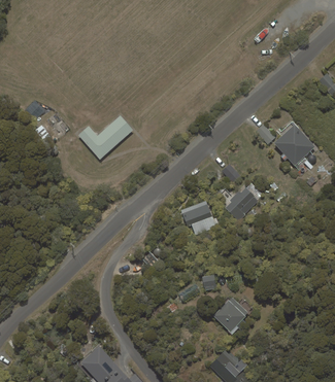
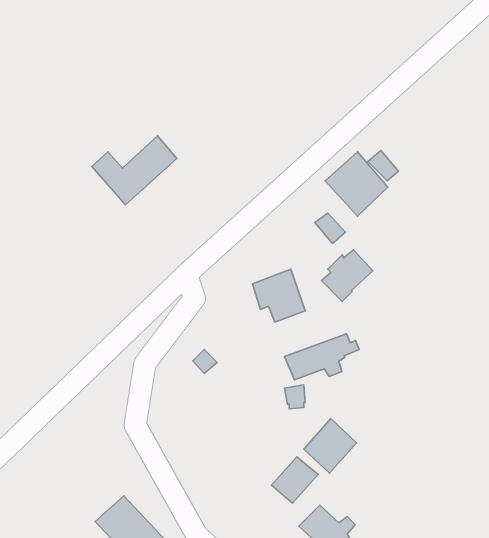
building: [273,125,313,166] -> [325,152,388,216]
building: none -> [284,334,359,380]
building: none -> [271,457,318,503]

